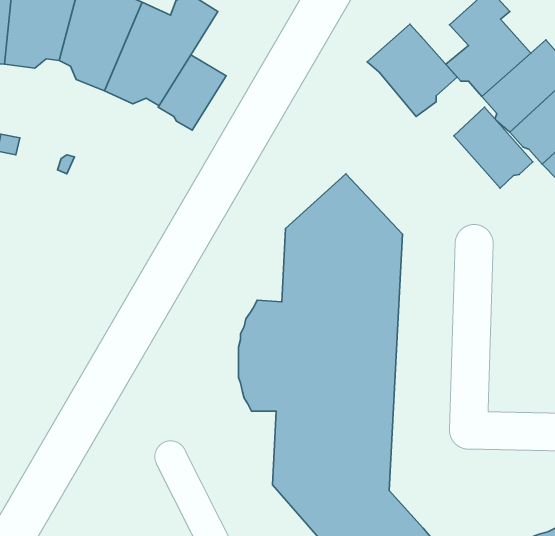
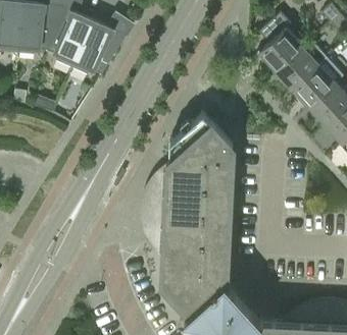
building: [367,24,457,117] -> none
building: [158,55,226,130] -> none
building: [454,107,533,188] -> none

